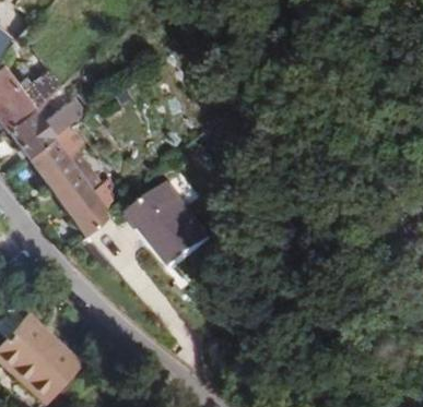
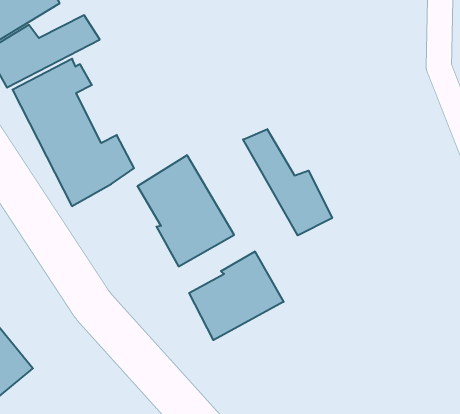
building: none -> [243,129,332,235]
building: none -> [189,251,284,340]

